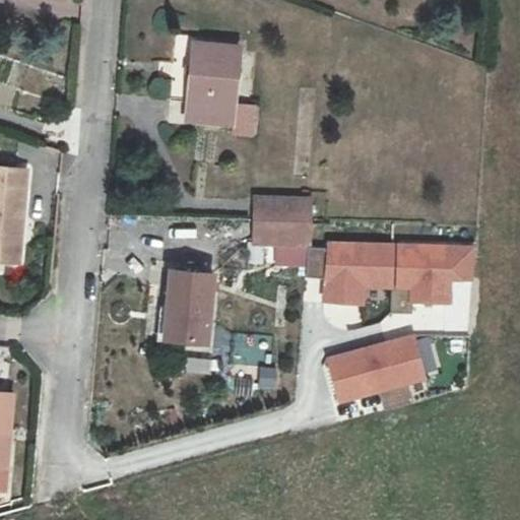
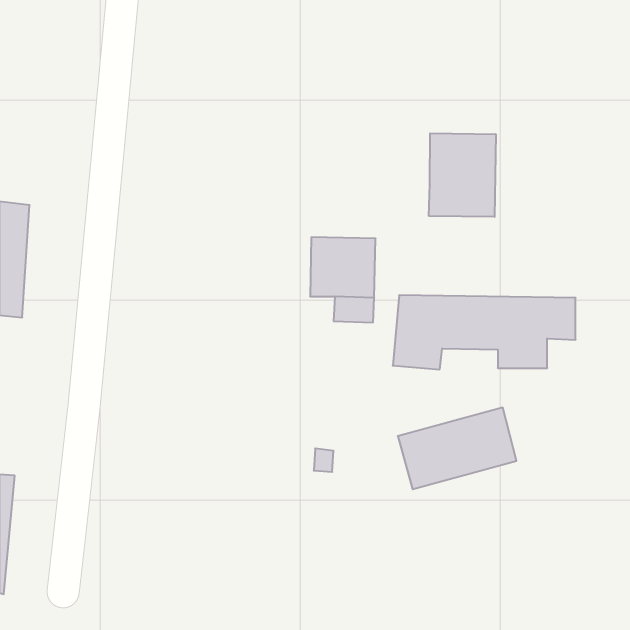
building: [187,40,256,134] -> none
building: none -> [429,133,496,217]
building: [166,269,213,343] -> none

